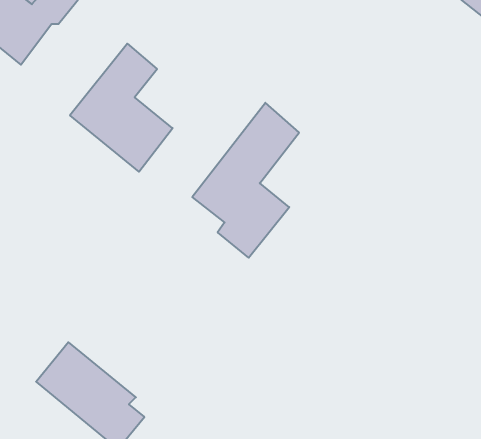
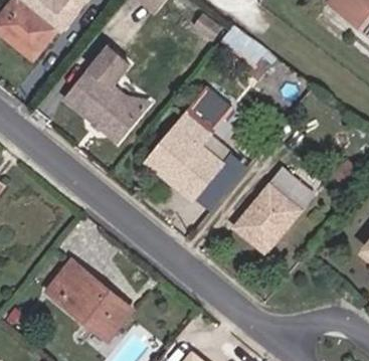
building: none -> [238,170,311,250]

